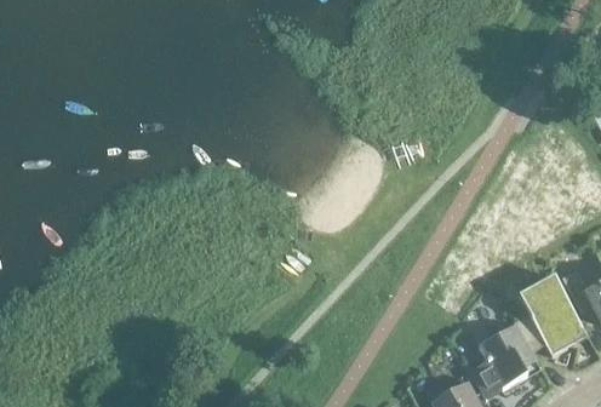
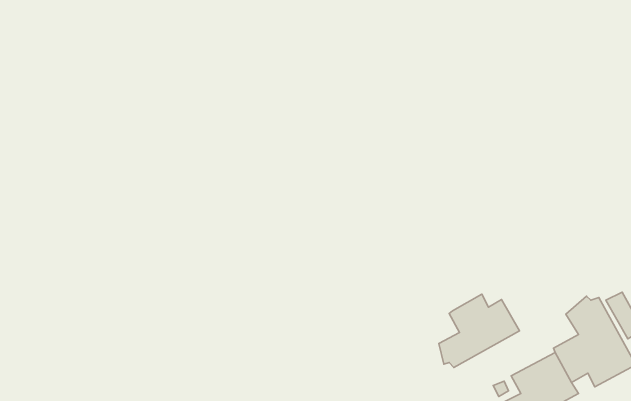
building: none -> [439,294,520,367]

